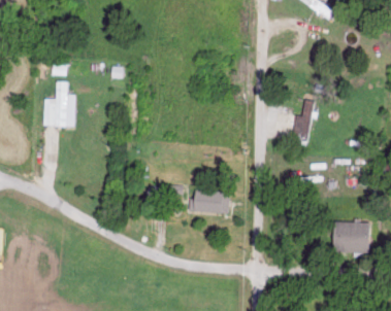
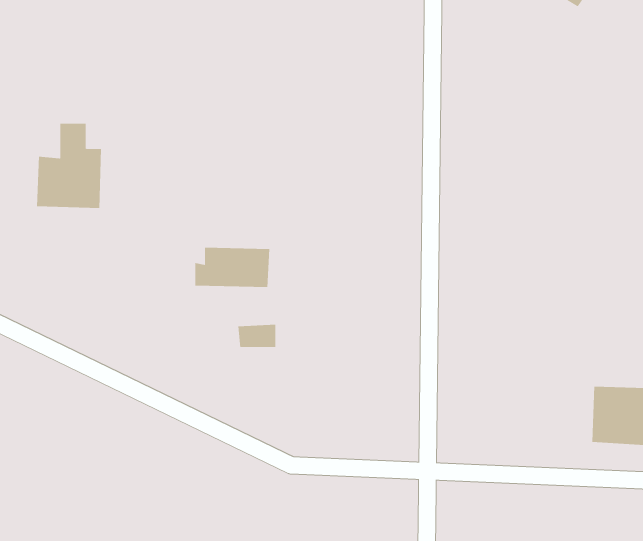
building: [294,100,314,136] -> none
building: [190,191,230,212] -> [195,247,270,288]

